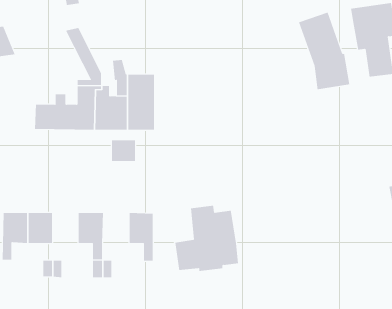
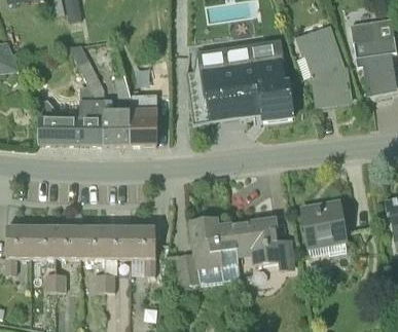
building: none -> [185,38,292,123]
building: [111,139,135,162] -> none
building: none -> [301,201,347,251]
building: none -> [232,219,292,268]
building: none -> [56,226,80,257]
building: none -> [105,226,131,257]

